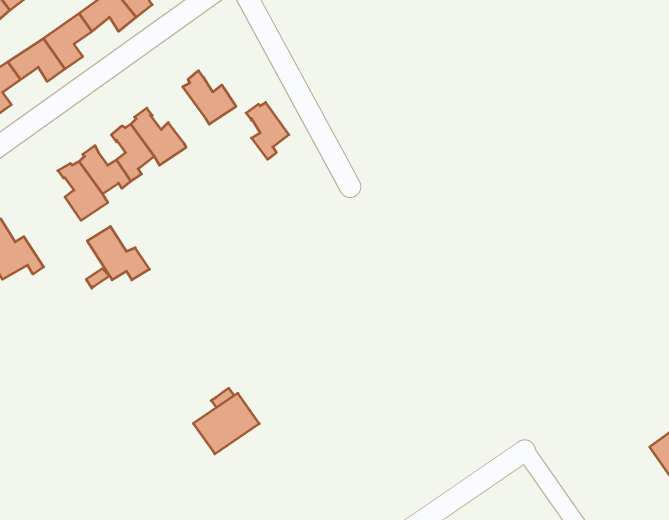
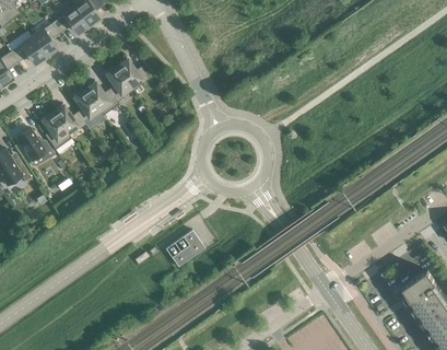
building: [246,102,289,159] -> [104,68,130,103]
building: [87,226,150,280] -> [15,129,54,162]
building: [193,393,259,454] -> [164,231,204,268]

